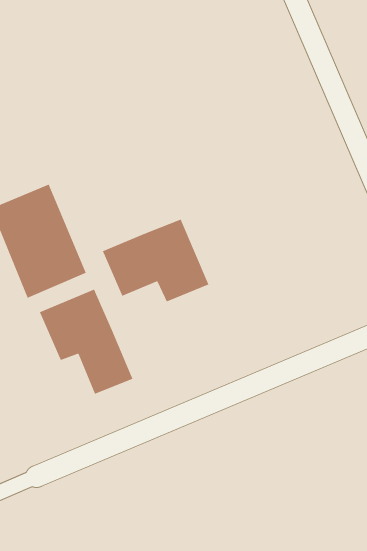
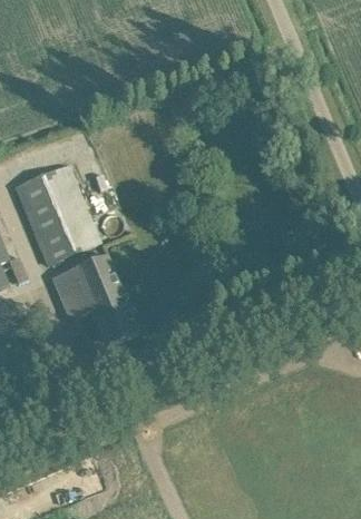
building: [102,218,209,303] -> none

